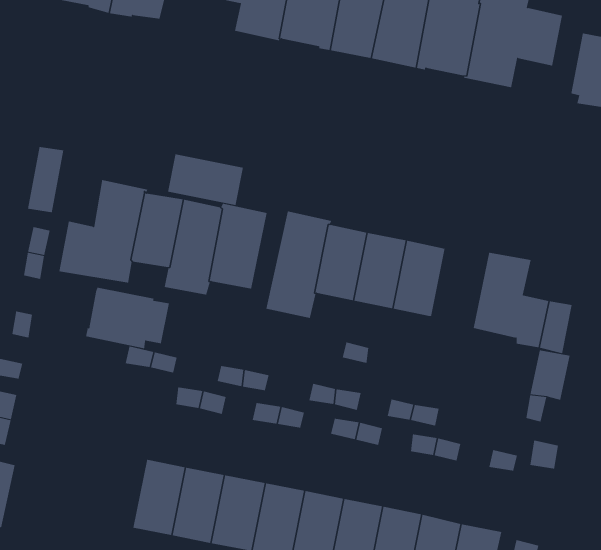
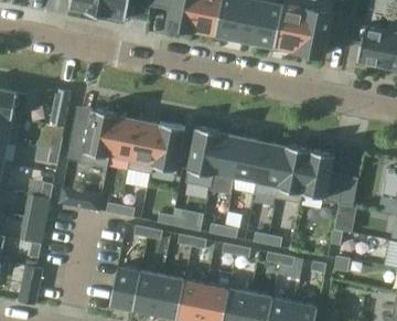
building: [167,154,244,206] -> none
building: none -> [275,146,310,205]
building: [86,287,169,349] -> none

